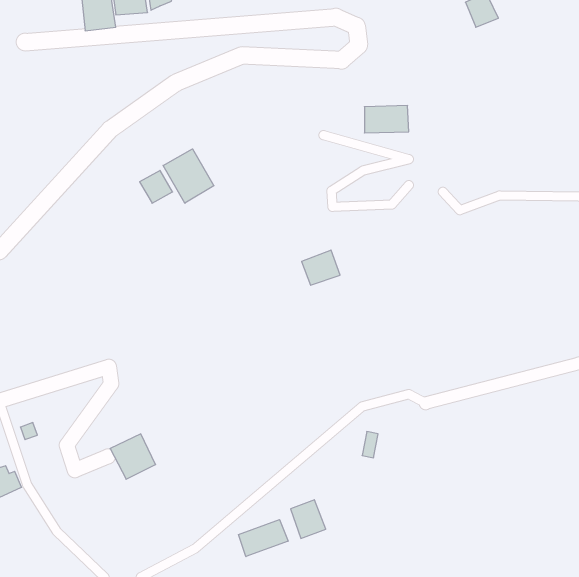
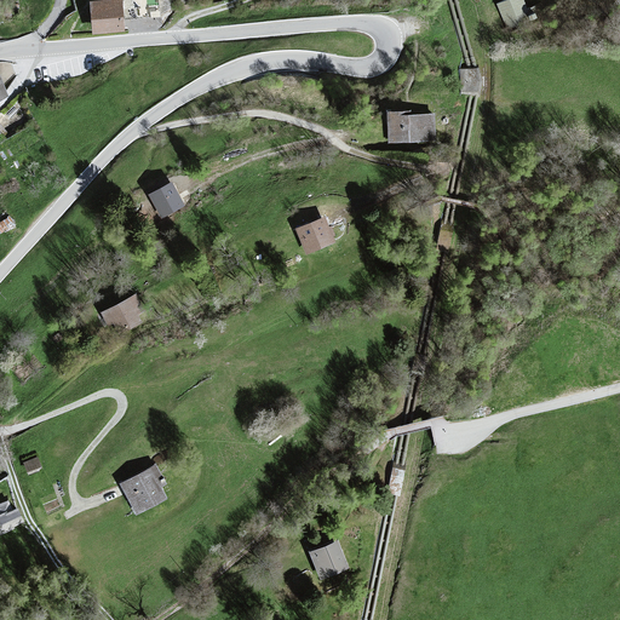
building: [163,149,214,203] -> none
building: [302,250,340,285] -> [293,216,334,253]
building: none -> [101,292,145,331]
building: [238,520,288,557] -> none

